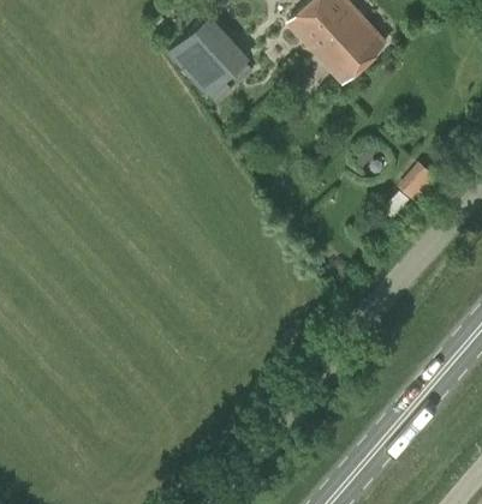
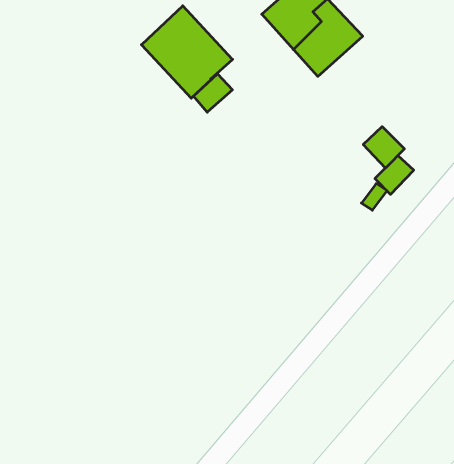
building: none -> [193,74,232,112]
building: none -> [363,127,404,168]

